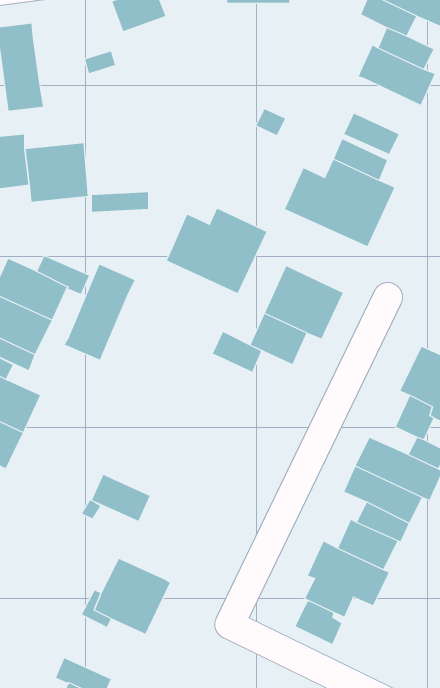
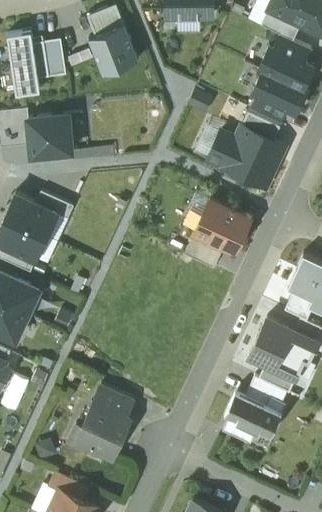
building: none -> [91,27,139,74]
building: none -> [34,38,65,78]
building: none -> [252,70,306,113]
building: [166,208,267,294] -> none
building: [64,264,135,361] -> none
building: [212,331,262,372] -> none
building: [91,474,150,522] -> [93,385,134,418]
building: [295,600,342,645] -> none

